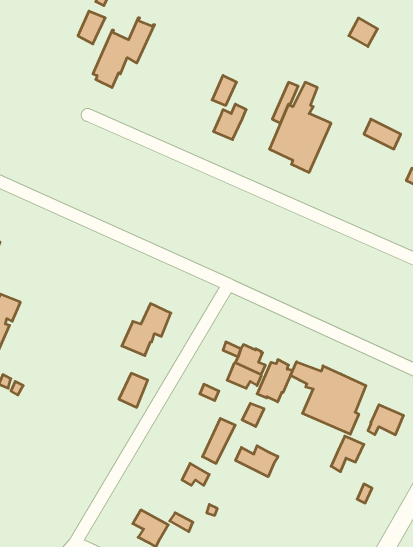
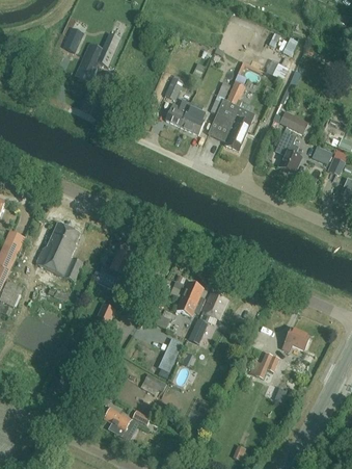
building: none -> [180,101,206,134]
building: none -> [275,131,301,173]
building: none -> [35,223,82,281]
building: [291,362,366,434] -> none
building: [236,446,278,477] -> none

